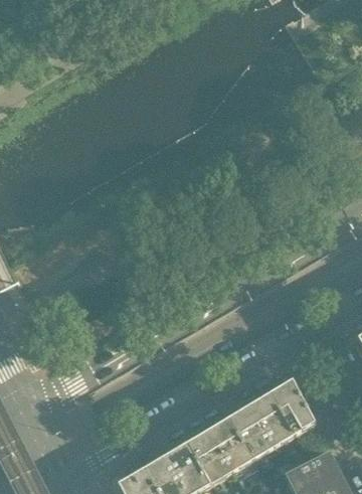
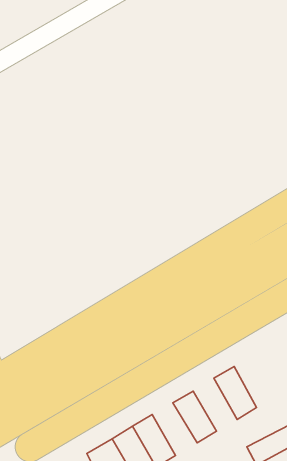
building: [272,377,316,433] -> none
building: [229,402,275,457] -> none
building: [187,428,233,482] -> none

